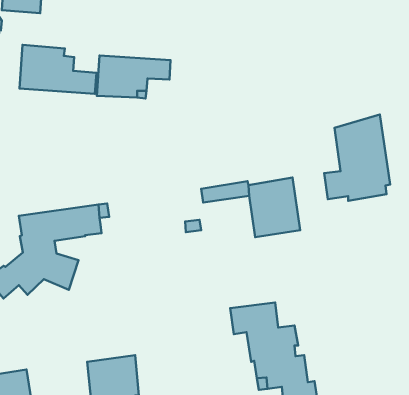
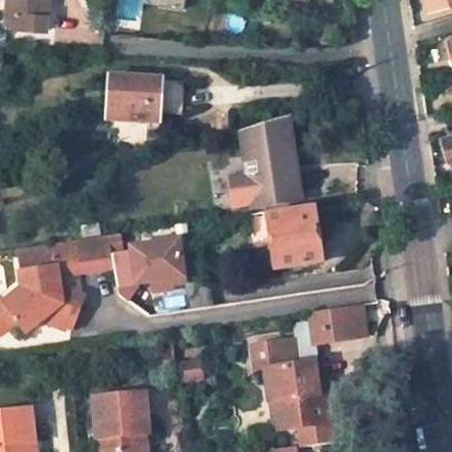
building: [20,45,97,94] -> none
building: [324,114,390,201] -> [229,113,299,205]
building: none -> [110,239,182,299]
building: none -> [309,304,365,343]

